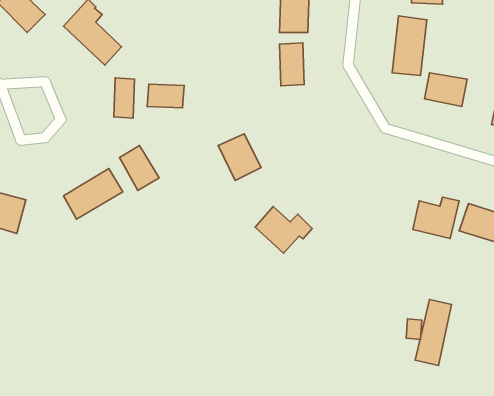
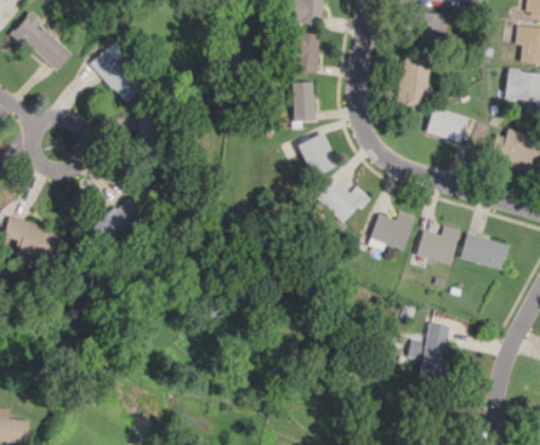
building: [147,84,184,108] -> none
building: [218,134,261,180] -> [297,133,337,177]
building: [119,145,159,190] -> none
building: none -> [368,211,415,250]
building: [255,206,312,253] -> [317,178,370,222]

